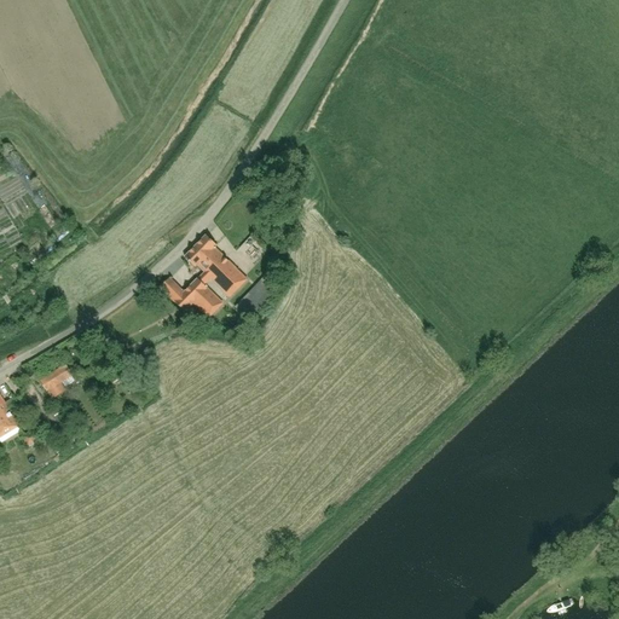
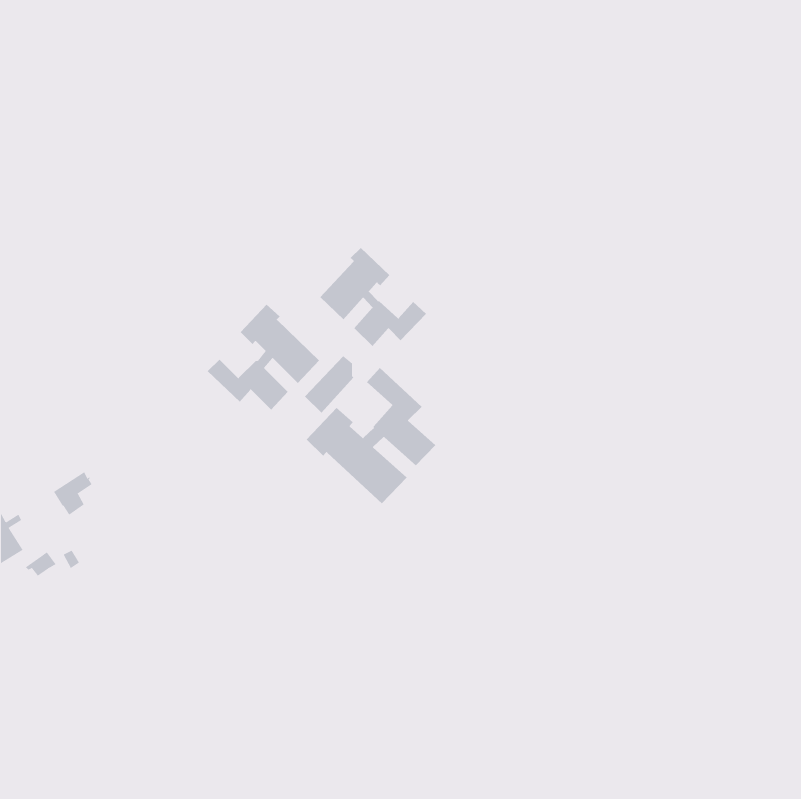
building: none -> [319,247,427,347]
building: none -> [306,367,436,504]

